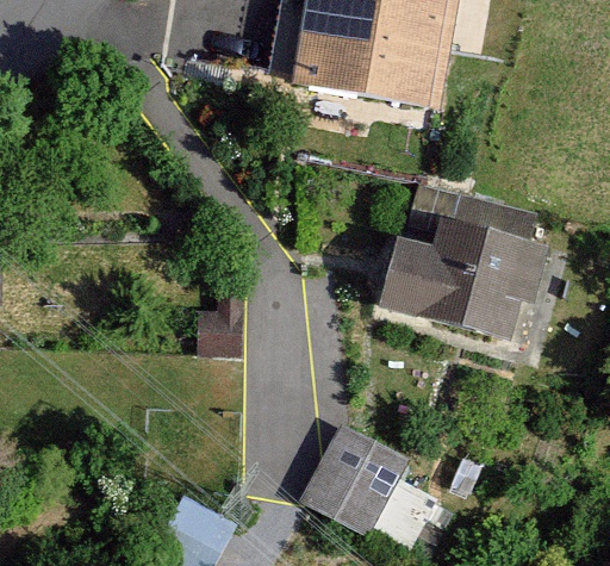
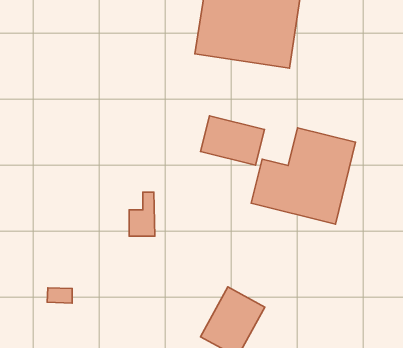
building: none -> [201,116,265,165]

